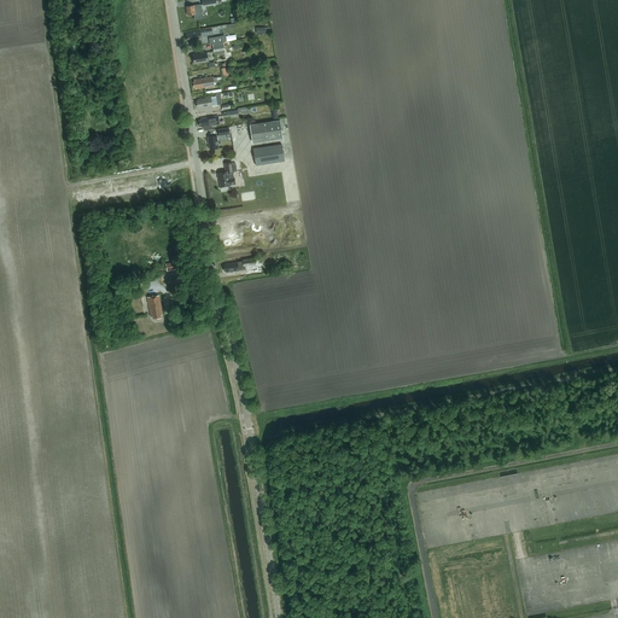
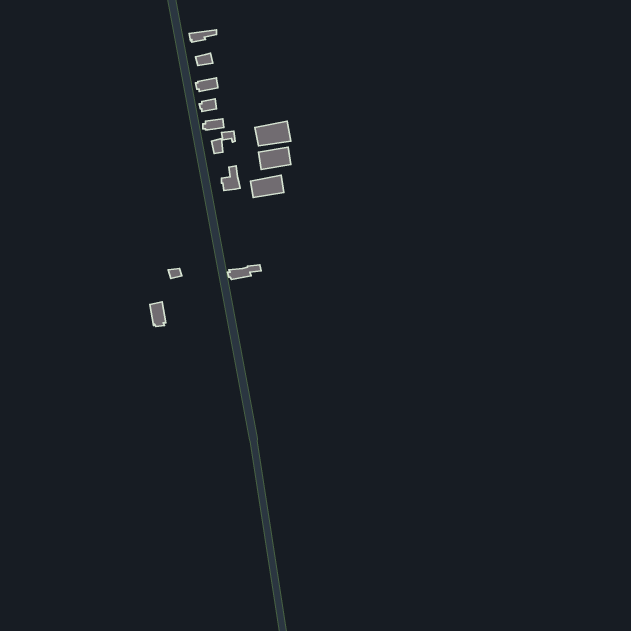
building: none -> [251,175,284,198]

